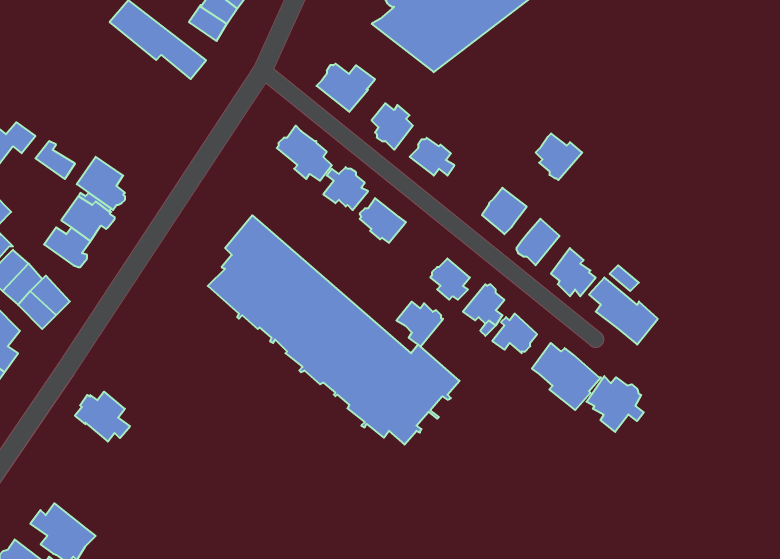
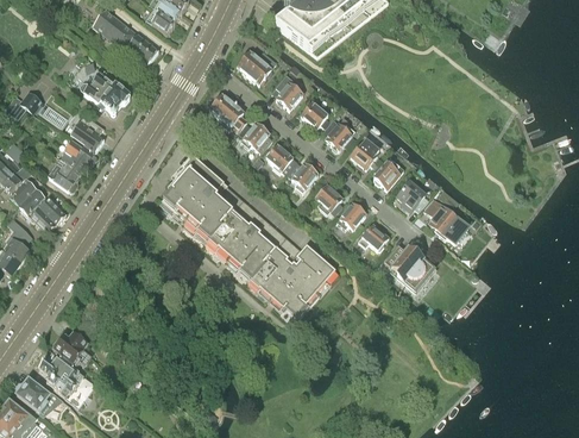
building: none -> [80,69,130,113]
building: [536,133,582,180] -> [322,118,354,150]
building: [396,302,443,346] -> [285,161,317,192]
building: [586,376,644,432] -> none
building: [75,392,130,442] -> [52,332,90,367]

